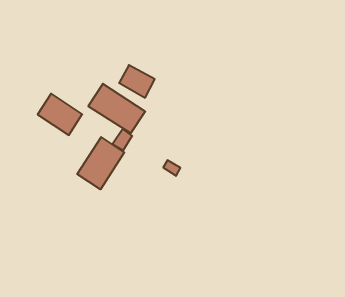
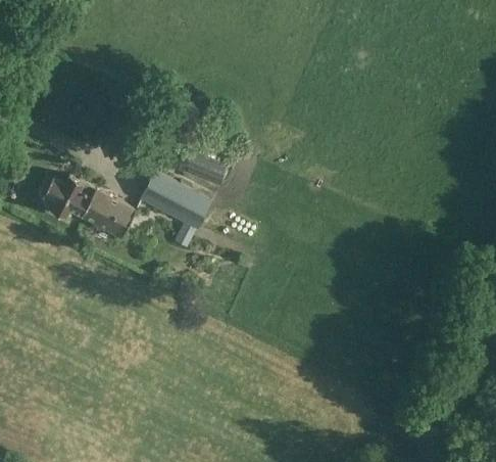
building: none -> [44,176,95,219]
building: [77,137,124,189] -> none

